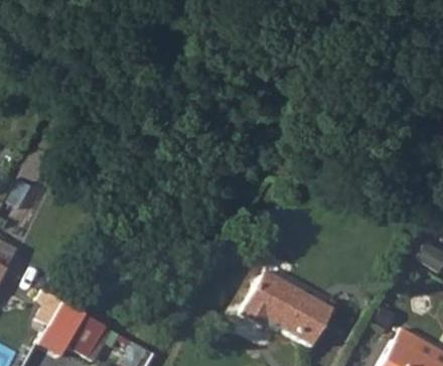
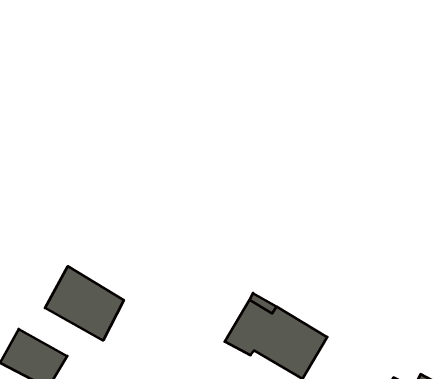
building: none -> [45,266,124,340]

